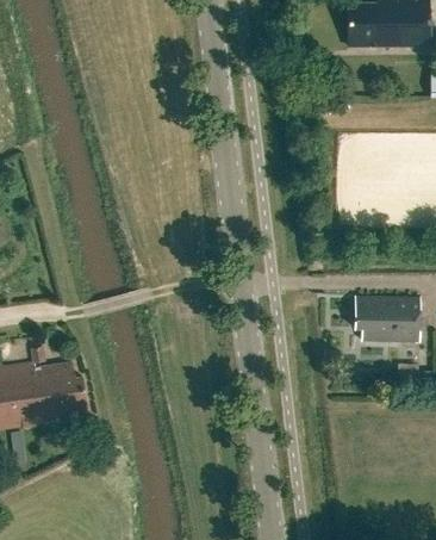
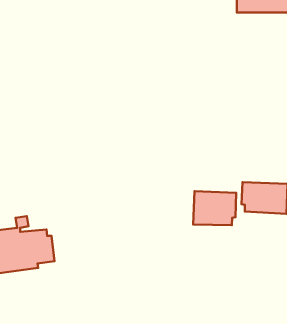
building: none -> [193,191,236,225]

